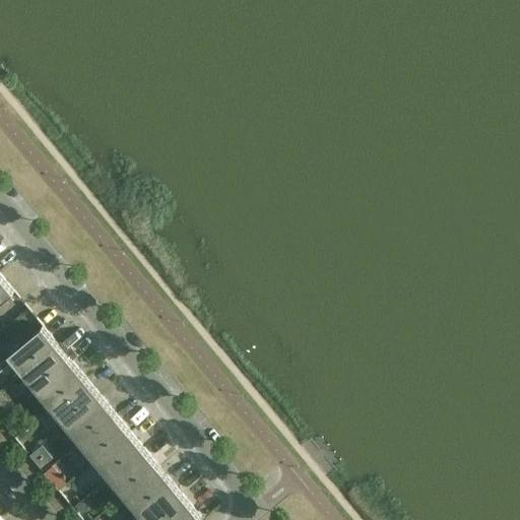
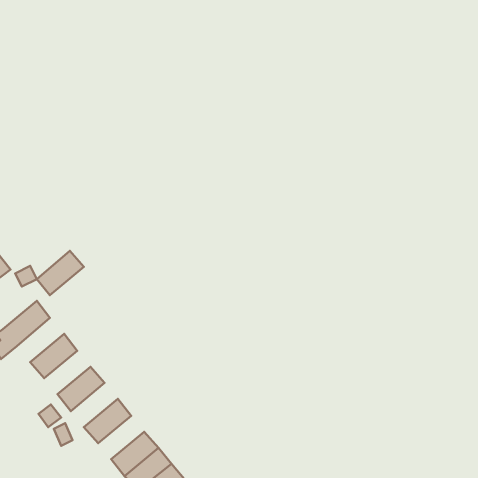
building: [18,346,69,394] -> [37,251,84,295]
building: [48,382,98,429] -> none
building: [76,416,127,464] -> none
building: [106,452,155,499] -> none

